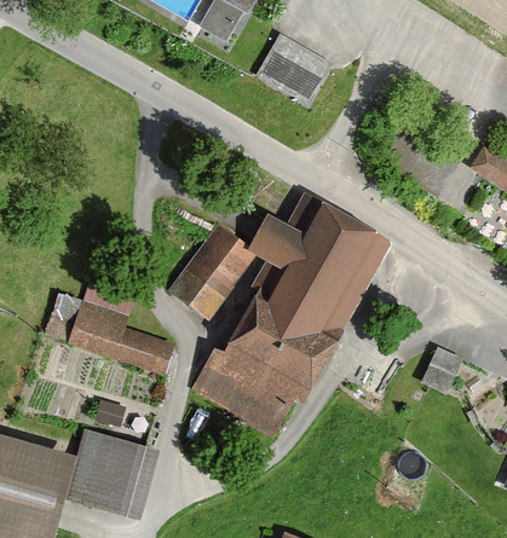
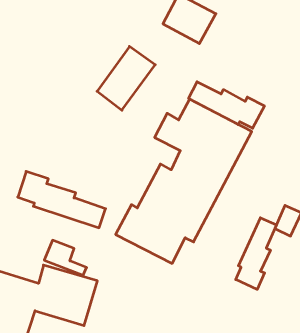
building: none -> [189,82,264,128]
building: [168,224,253,317] -> [97,46,155,110]
building: none -> [236,218,277,289]

